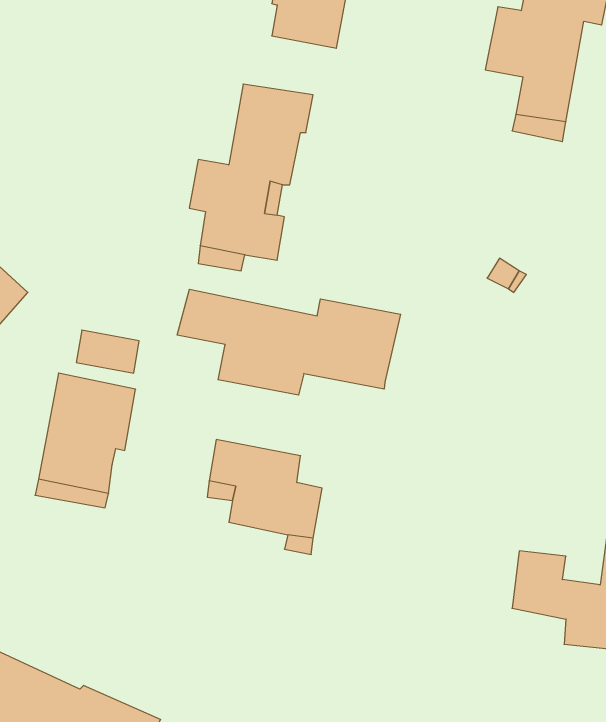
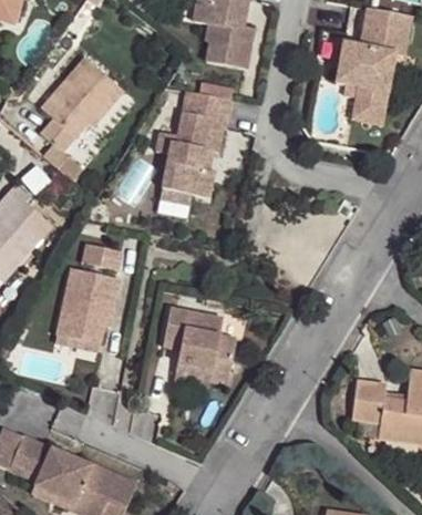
building: none -> [42,52,125,184]
building: [177,289,401,395] -> none

